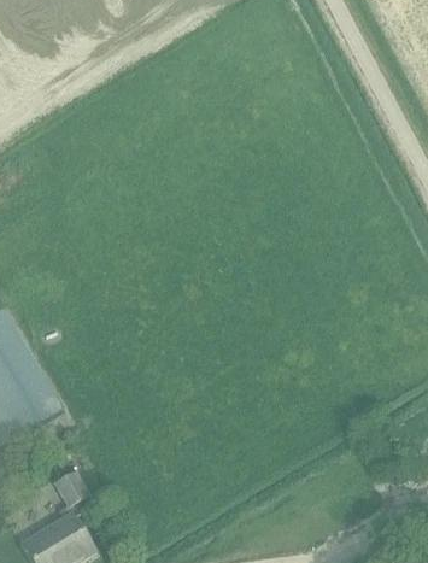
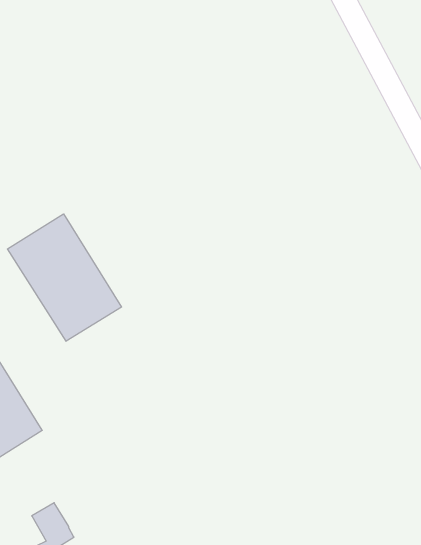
building: none -> [7,214,122,341]

